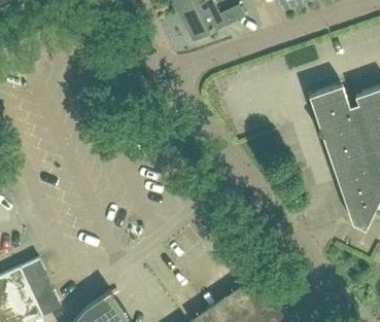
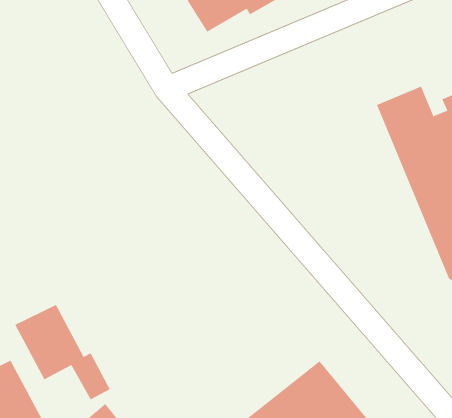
building: none -> [14,304,111,400]

